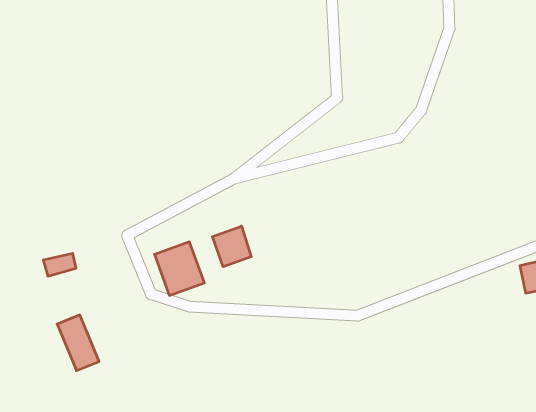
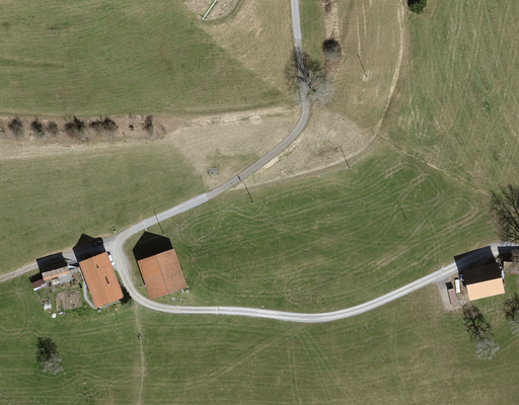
building: [212,226,251,267] -> none
building: [57,315,99,371] -> [83,253,121,303]

